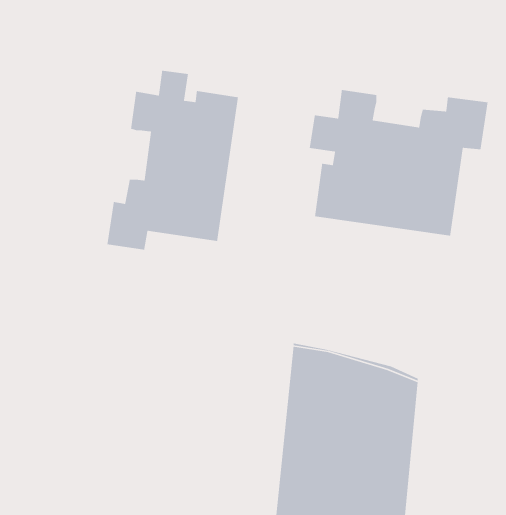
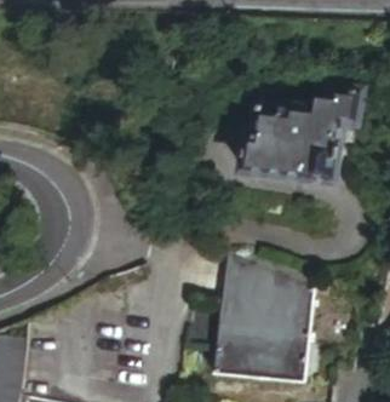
building: [106,70,239,250] -> none

